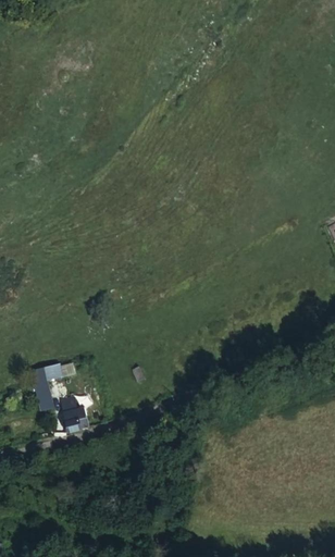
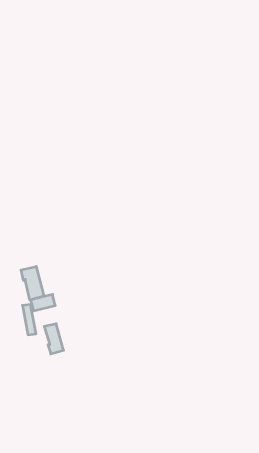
building: none -> [21,266,44,300]

